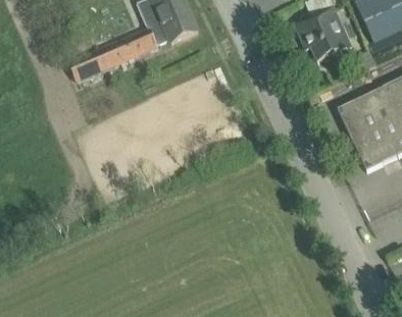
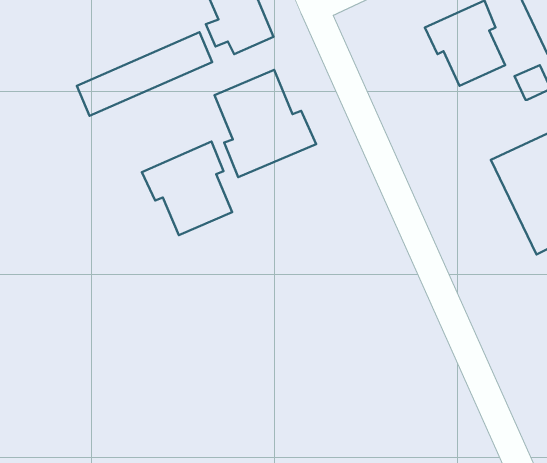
building: none -> [215,70,316,177]
building: none -> [142,142,232,235]

